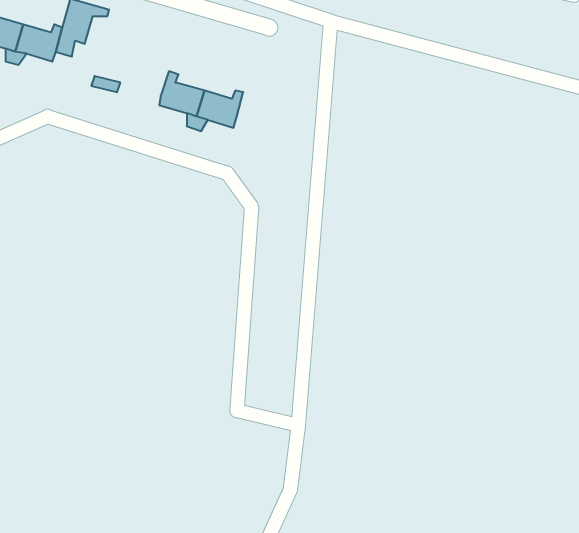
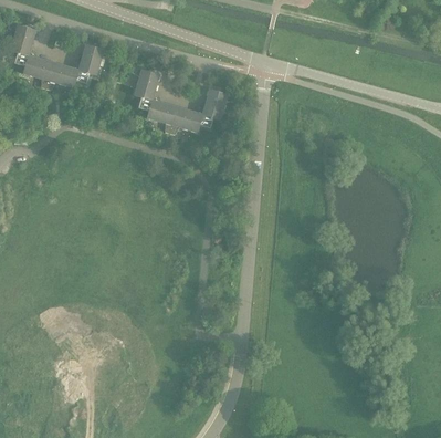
building: none -> [127,65,155,110]
building: none -> [195,87,230,127]

